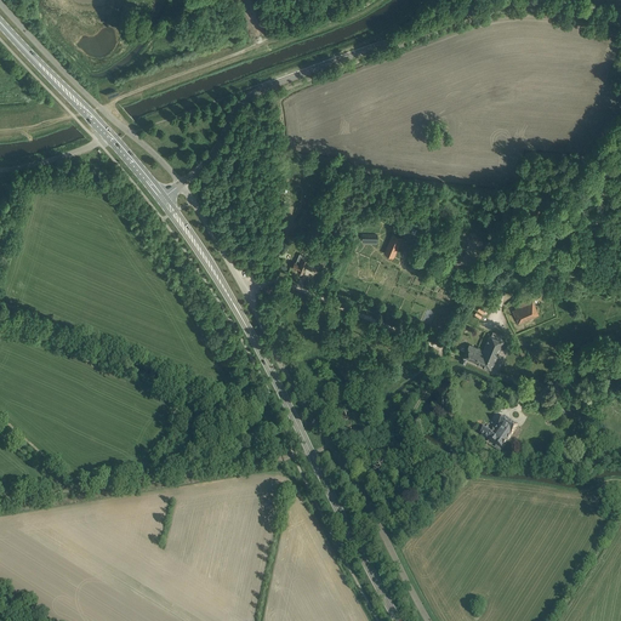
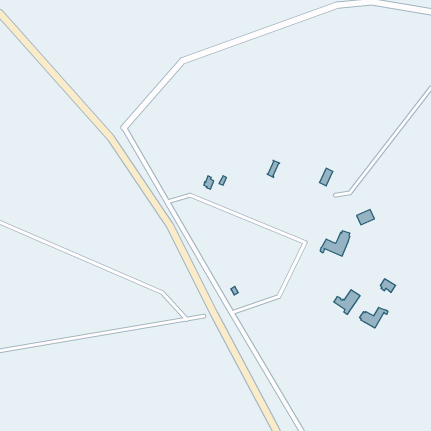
building: none -> [360,307,388,328]

